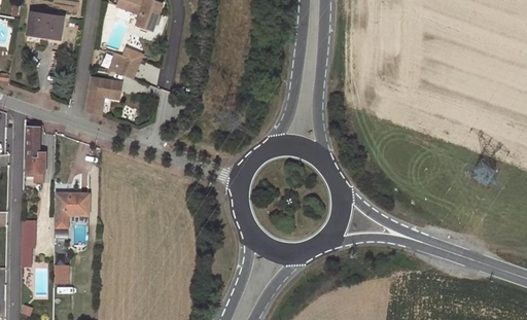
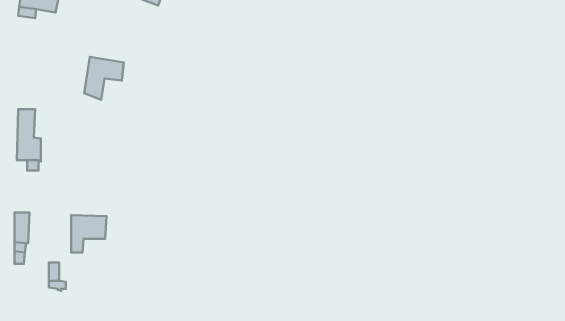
building: [109,54,139,78] -> none
building: [57,191,89,225] -> [71,215,106,253]

